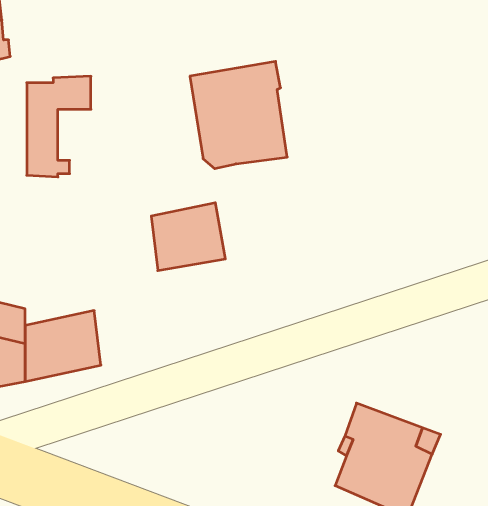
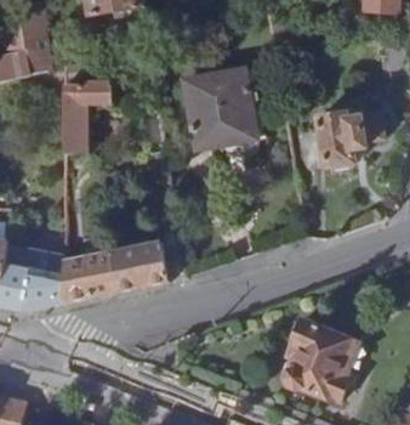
building: none -> [318,109,383,168]
building: [151,203,225,271] -> [112,242,166,291]

